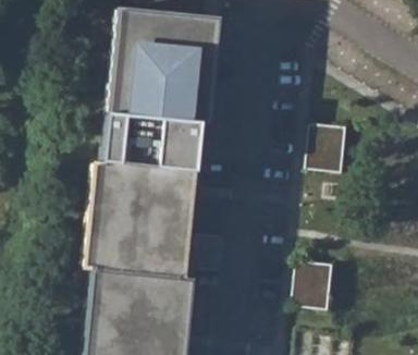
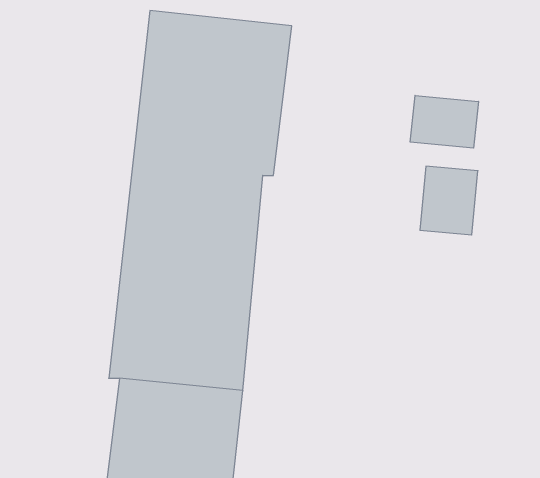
building: none -> [410,95,478,148]
building: [294,261,335,310] -> none

